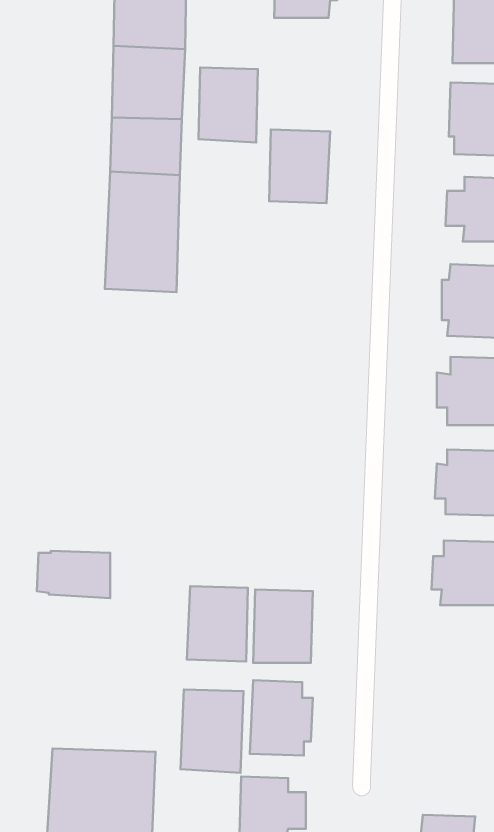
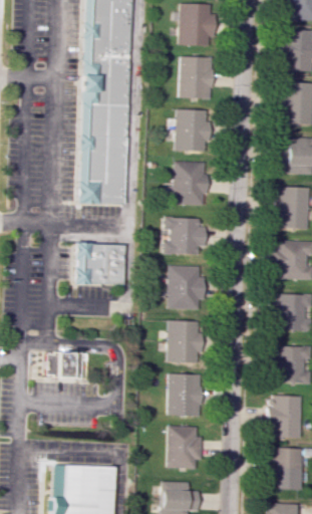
building: [198,67,258,143] -> [181,56,215,99]
building: none -> [175,161,209,206]
building: none -> [166,217,209,254]
building: none -> [73,245,119,288]
building: none -> [170,265,207,309]
building: [187,586,248,661] -> [168,320,203,363]
building: none -> [268,396,301,438]
building: [181,689,244,773] -> none
building: none -> [265,448,301,490]

